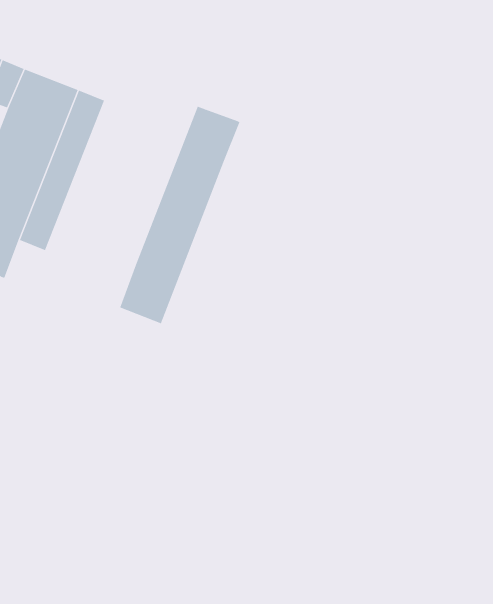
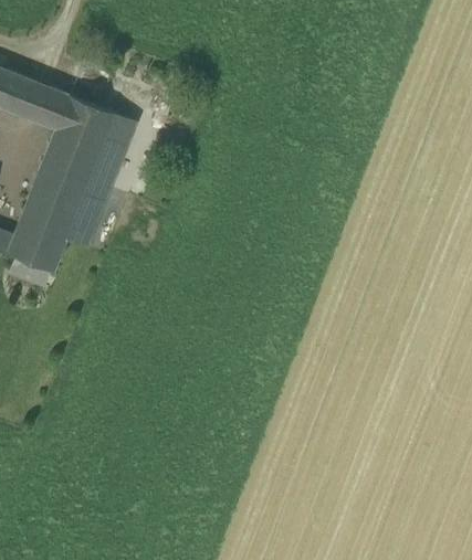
building: [120,106,240,324] -> none

